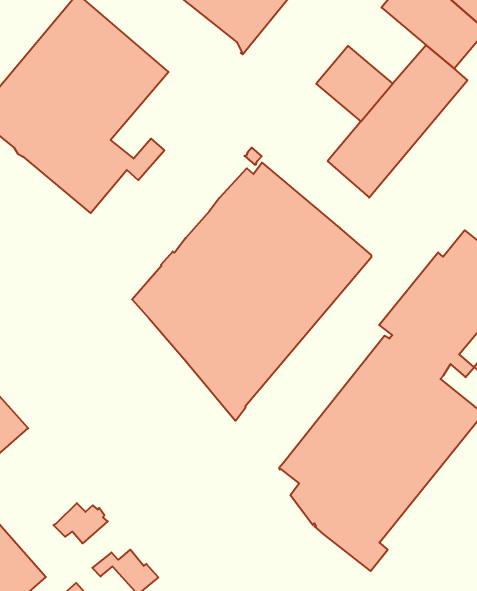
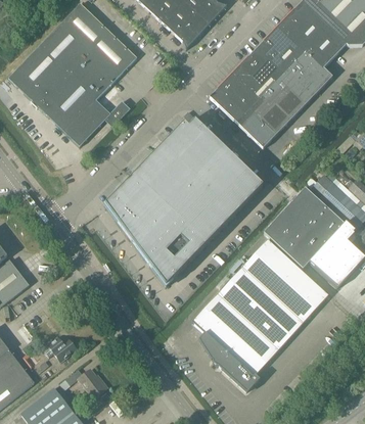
building: none -> [256,25,307,75]
building: none -> [210,72,261,123]

